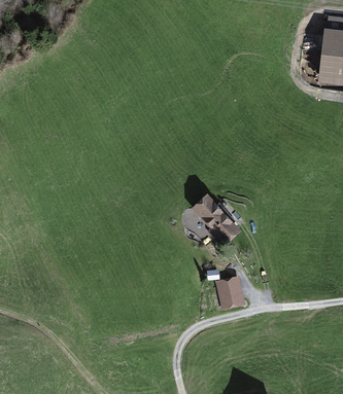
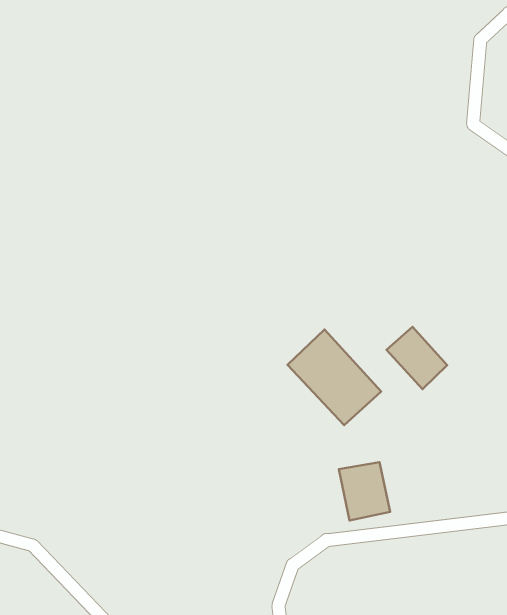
building: none -> [387,327,447,389]

